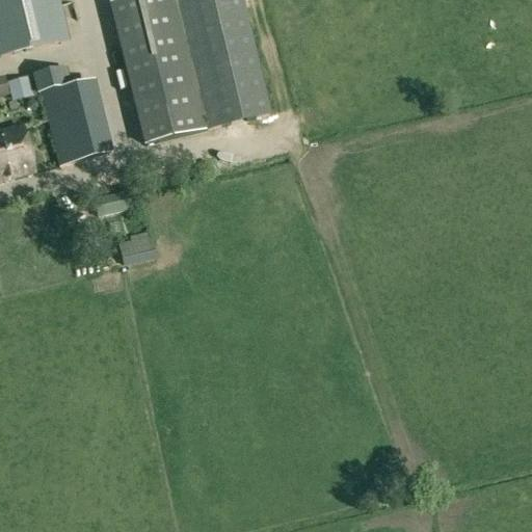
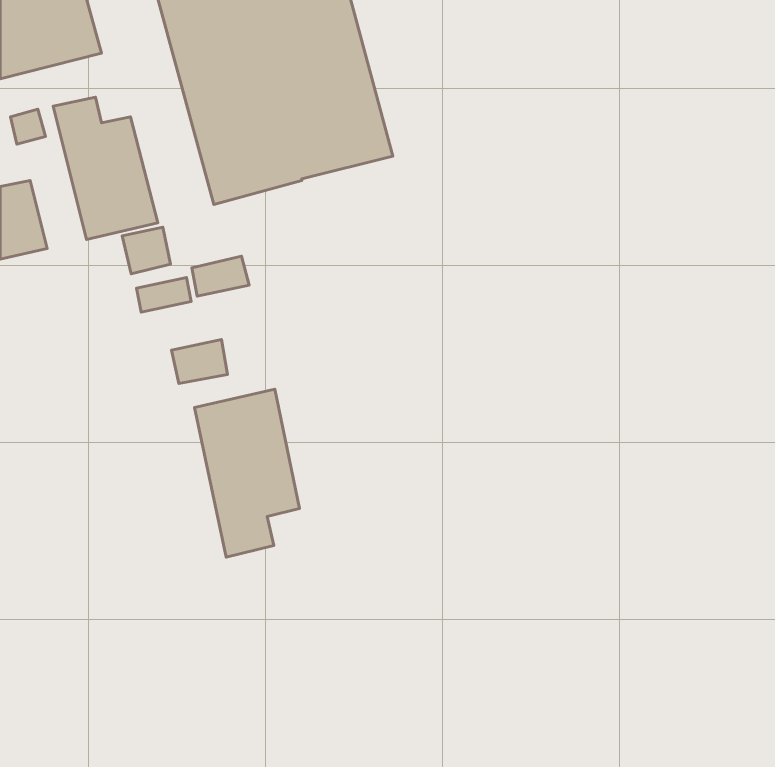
building: none -> [122,227,170,274]
building: none -> [192,256,249,296]
building: none -> [194,389,299,557]

